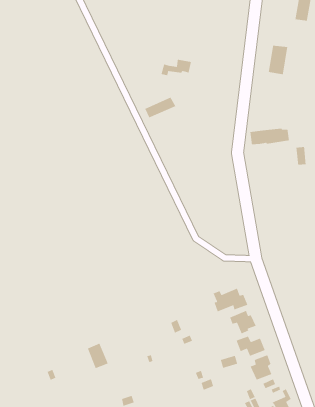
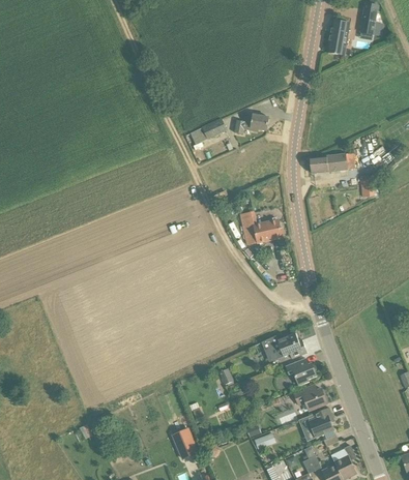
building: [268,45,288,75] -> [325,20,348,54]
building: [161,59,192,76] -> [233,114,268,133]
building: none -> [240,211,281,244]
building: [87,342,109,369] -> [172,428,197,458]

